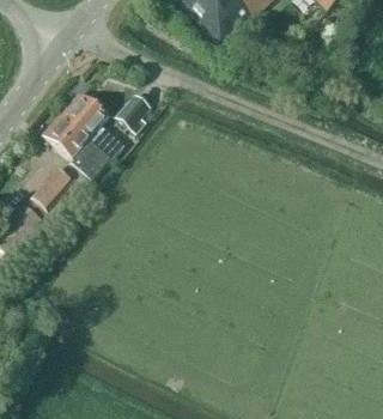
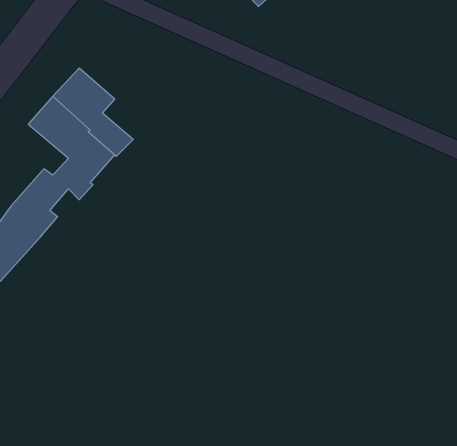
building: [116,92,150,133] -> none

